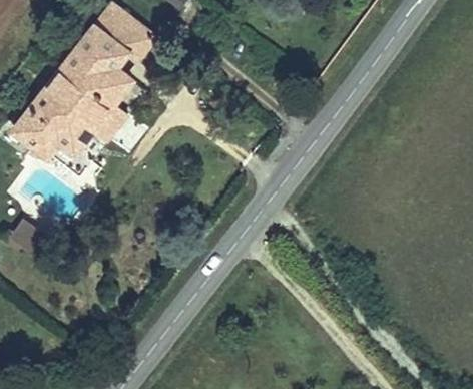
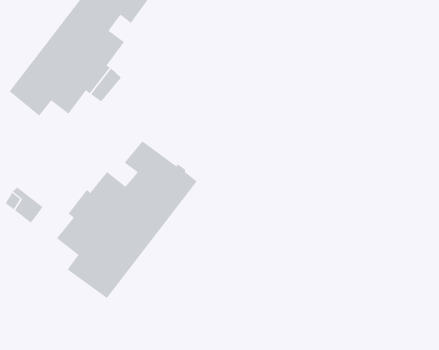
building: none -> [56,140,197,299]

